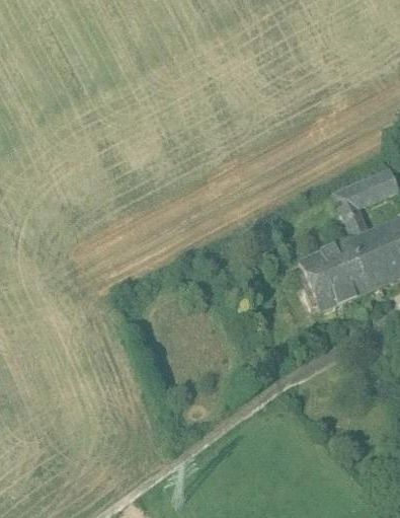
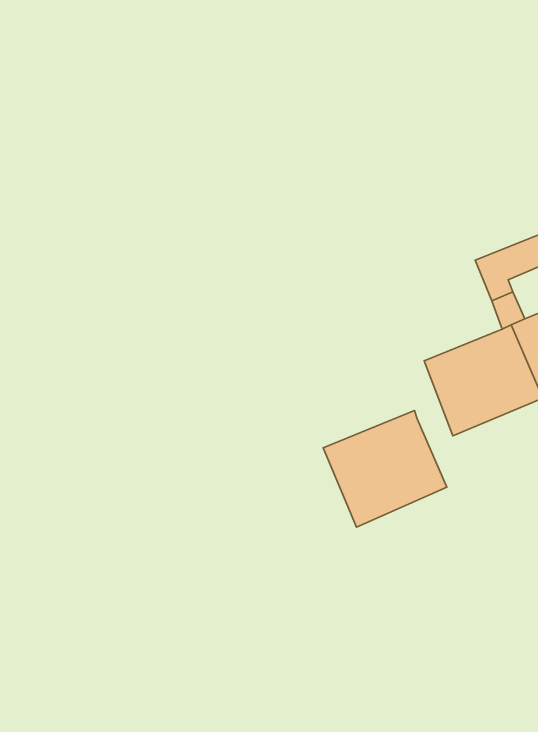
building: none -> [323,410,447,527]

